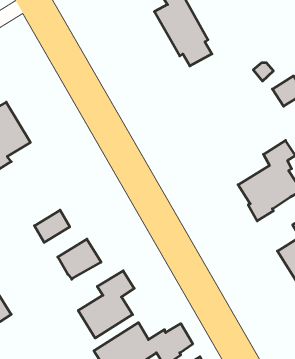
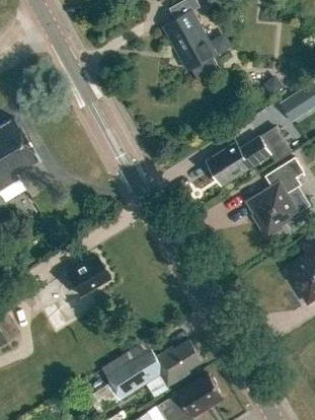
building: none -> [207,128,292,185]
building: [34,210,70,242] -> none
building: [78,271,134,338] -> none

